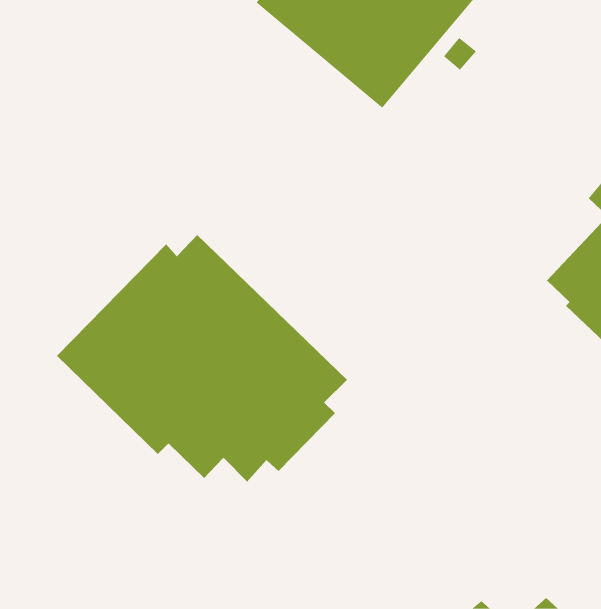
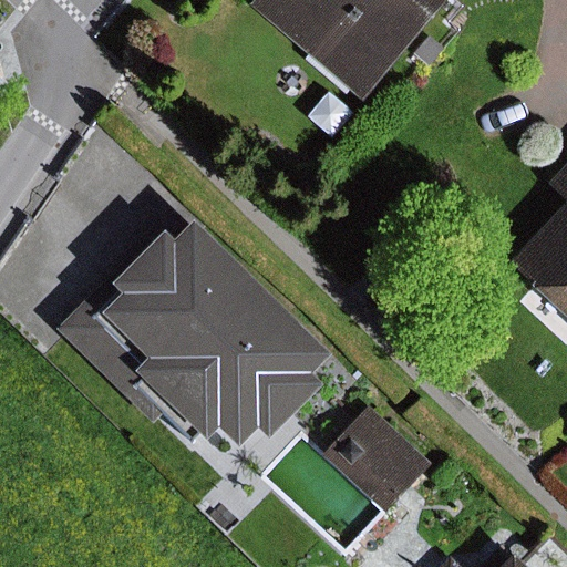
building: none -> [328,406,434,512]

